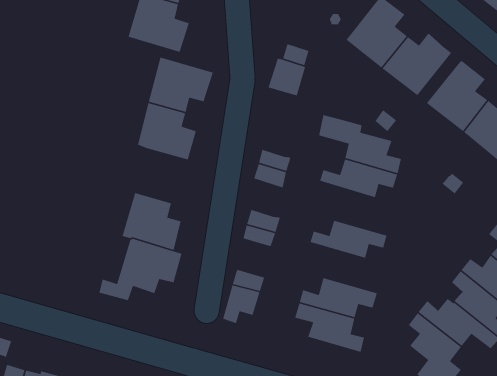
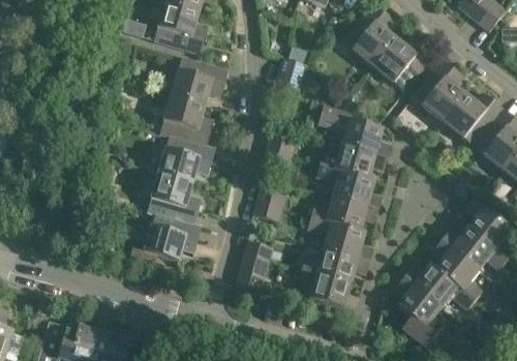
building: none -> [159,136,214,182]
building: none -> [314,163,382,210]
building: none -> [307,216,372,260]

